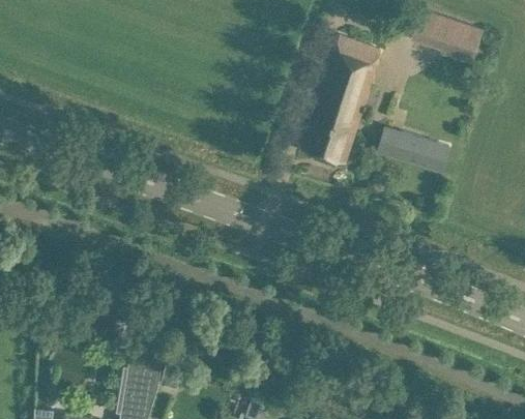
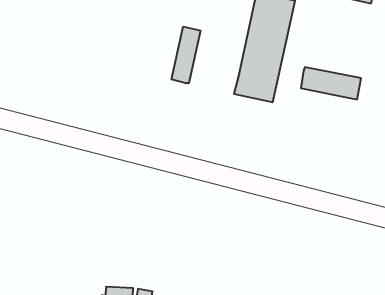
building: none -> [172,27,200,83]

